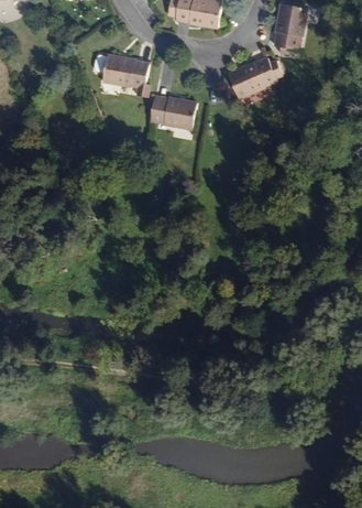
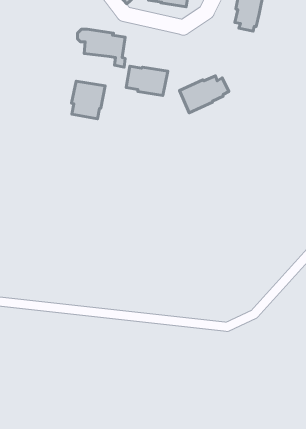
building: [228,57,284,99] -> [179,76,229,113]
building: none -> [72,81,105,119]

